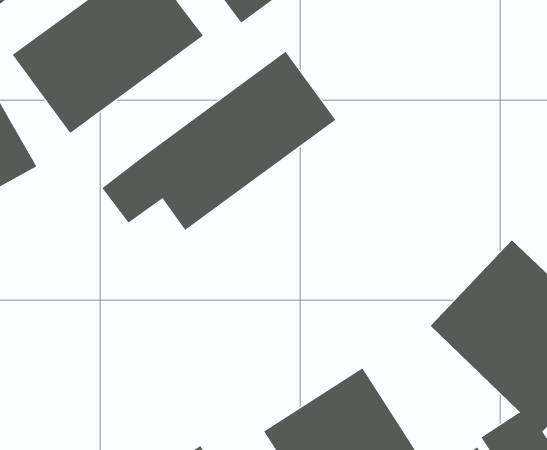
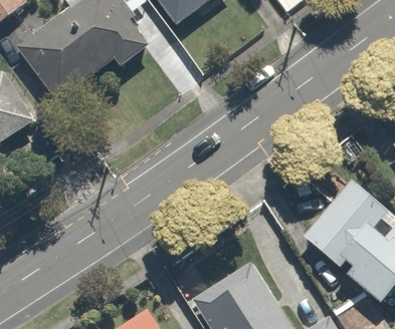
building: [102,51,336,231] -> none

